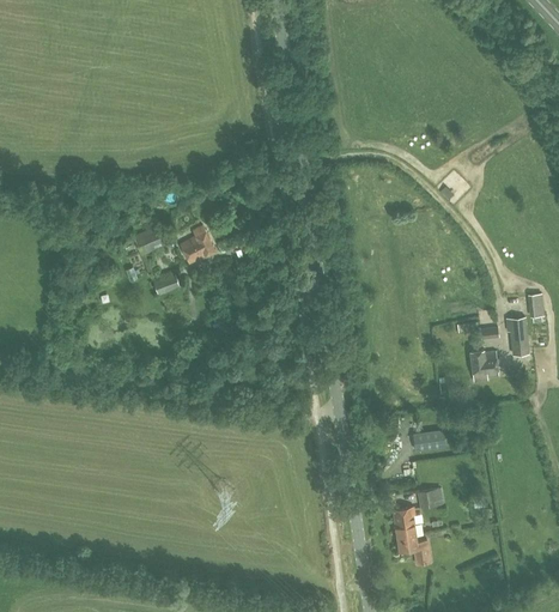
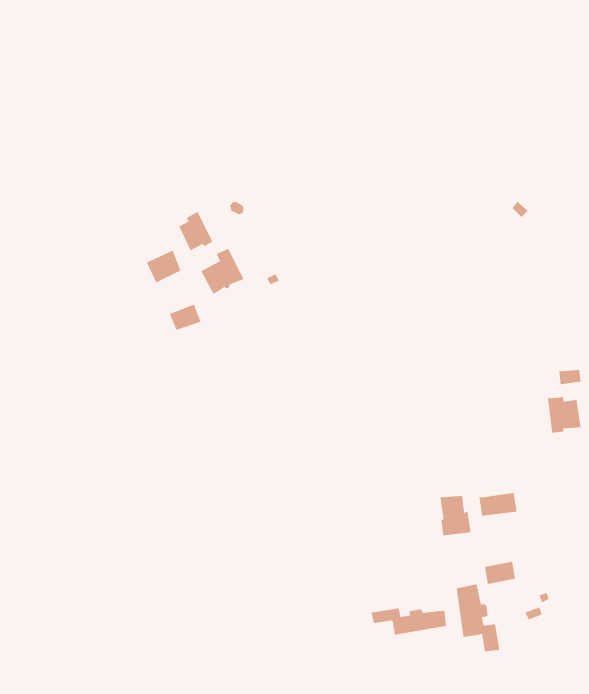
building: none -> [178,211,213,252]
building: none -> [440,495,471,536]
building: none -> [371,608,447,635]

